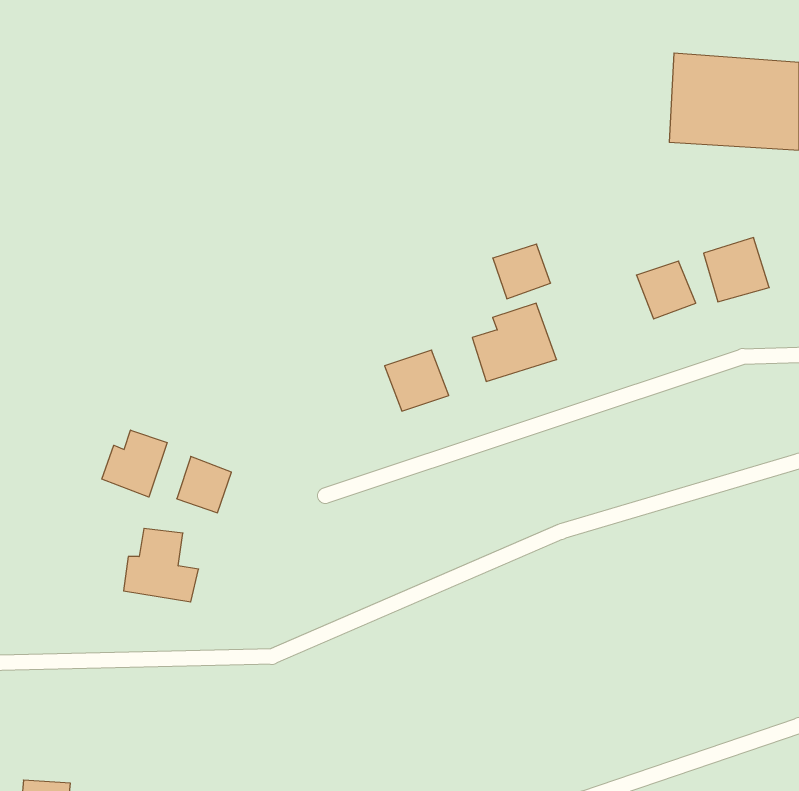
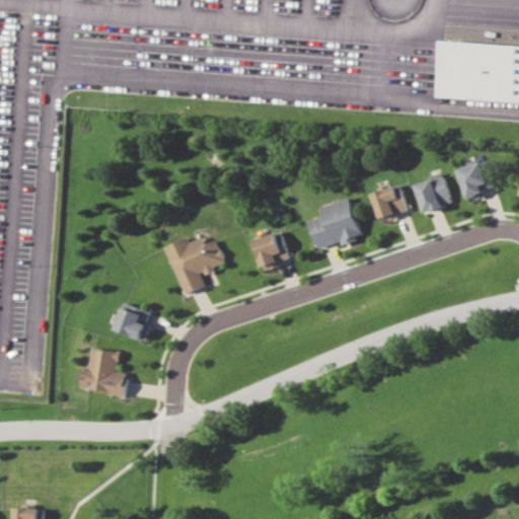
building: [493,244,551,299] -> [370,183,407,219]
building: none -> [163,235,222,289]
building: [102,430,167,497] -> none

